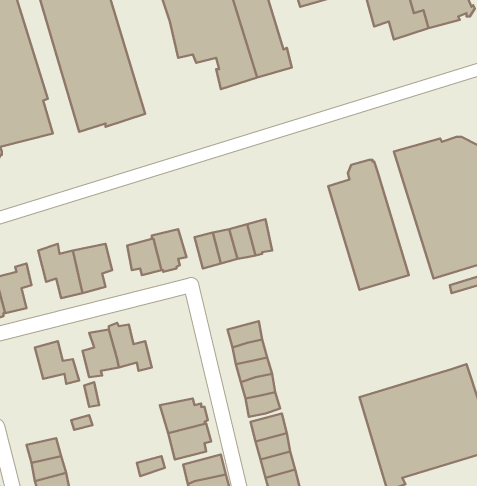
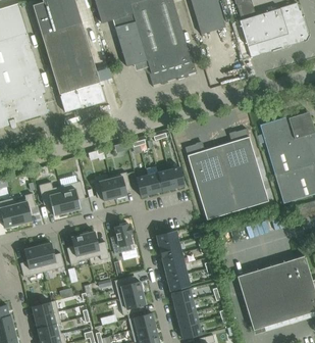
building: none -> [186,144,238,220]
building: none -> [109,222,134,253]
building: none -> [20,246,42,277]

